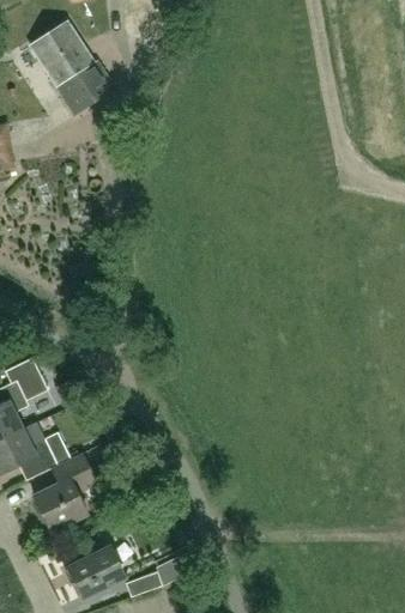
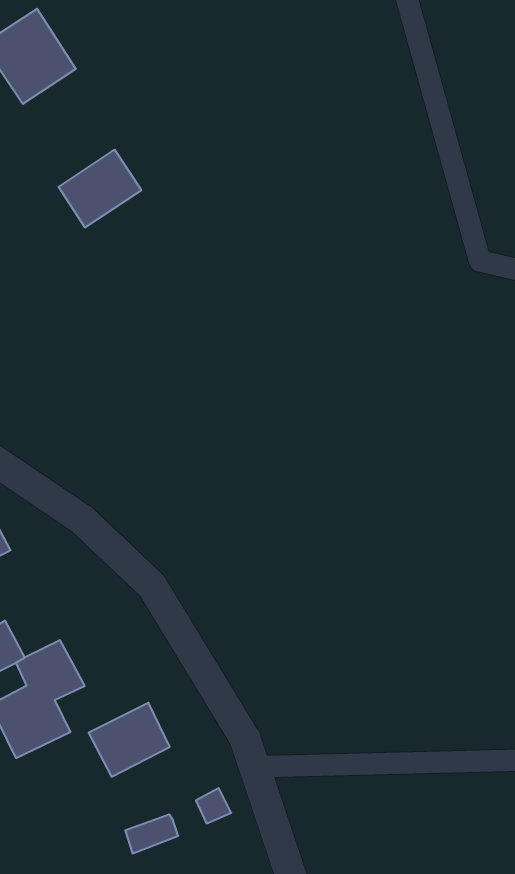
building: [56,61,113,114] -> [58,150,141,227]
building: [68,545,123,595] -> [89,703,170,777]

